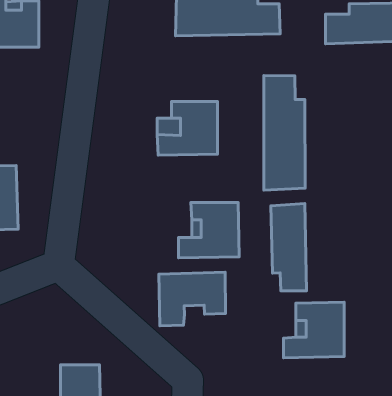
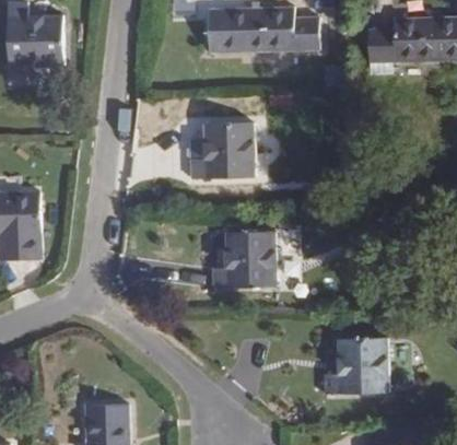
building: [264,75,305,190] -> none
building: [271,204,306,291] -> none
building: [159,272,226,326] -> none

